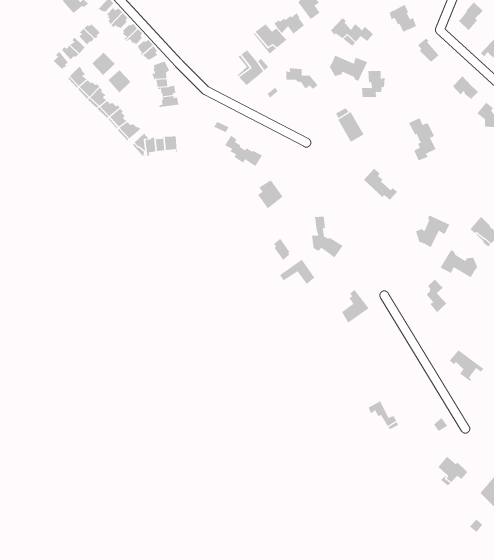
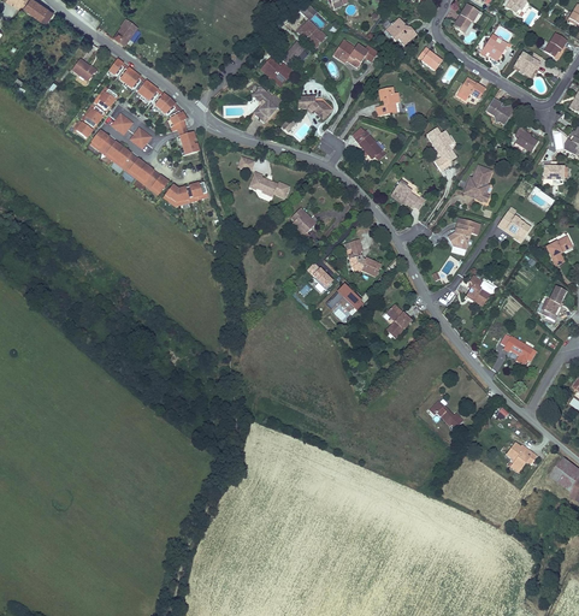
building: [329,55,368,81] -> none
building: none -> [463,162,490,197]
building: [440,250,478,278] -> none

